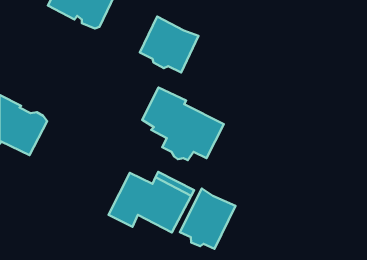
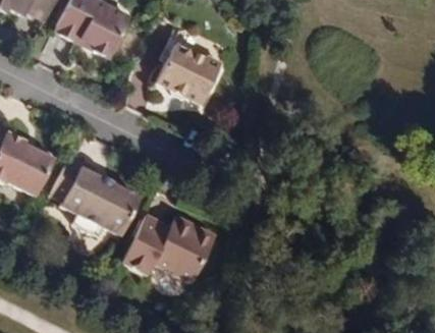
building: [142,88,224,160] -> [50,157,141,237]
building: [180,189,236,249] -> none

